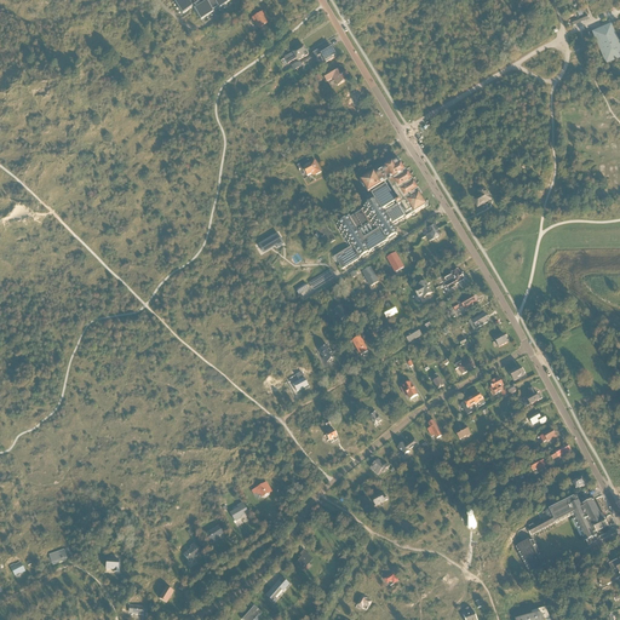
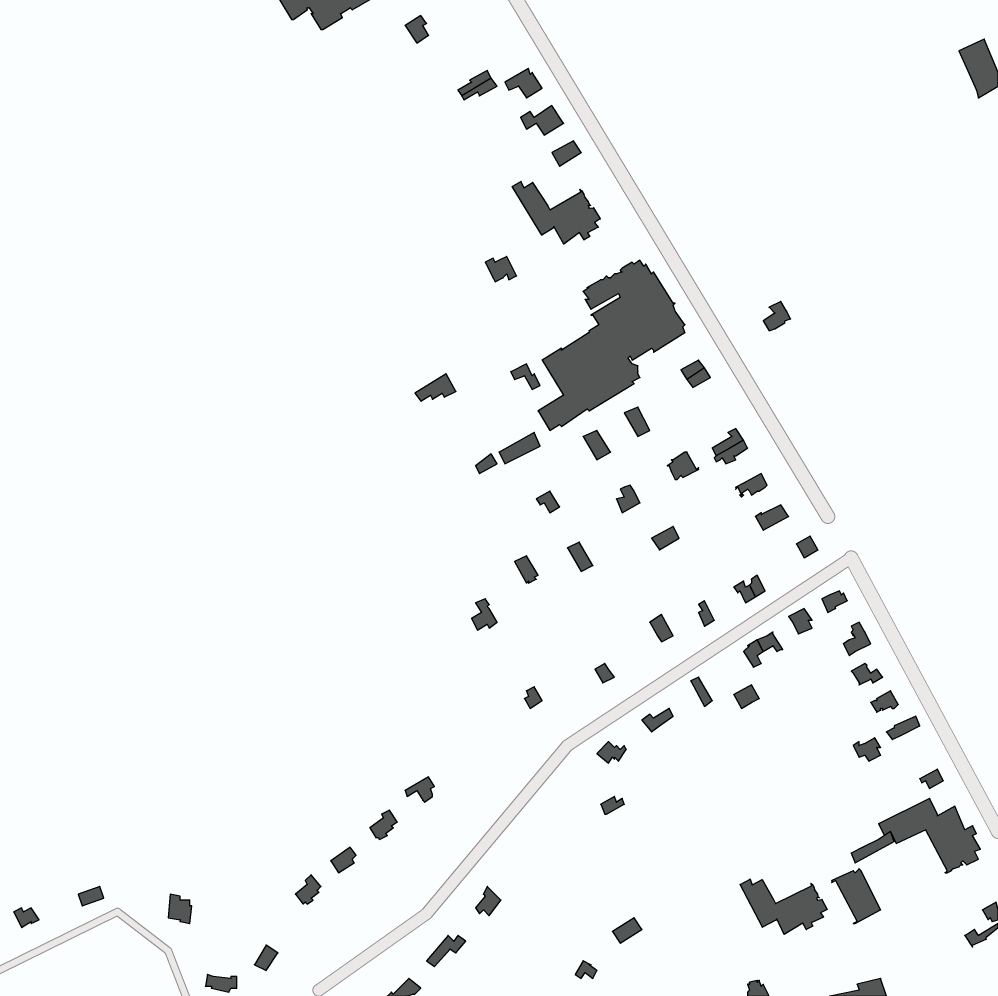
building: none -> [512,181,600,244]
building: none -> [740,879,827,934]

